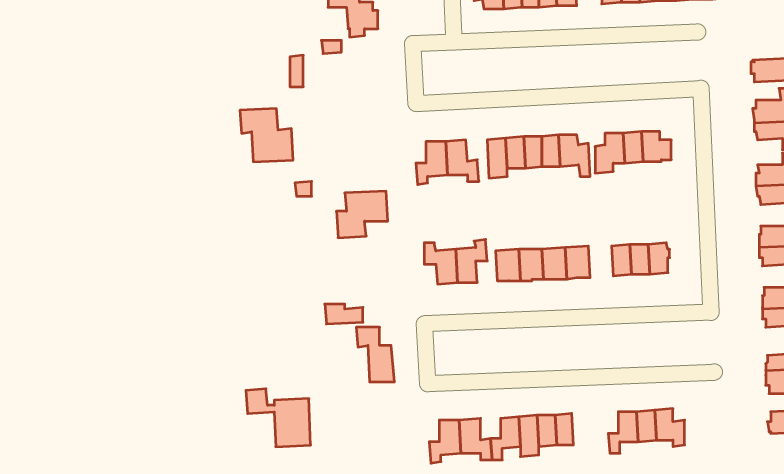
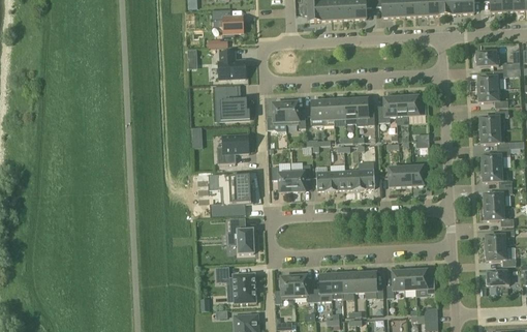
building: none -> [218,51,245,79]
building: [240,109,293,162] -> [215,85,248,118]
building: none -> [220,177,251,205]
building: [246,389,311,447] -> [216,266,256,302]
building: none -> [364,272,383,298]

